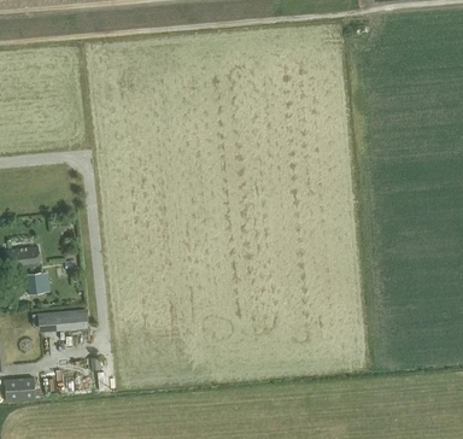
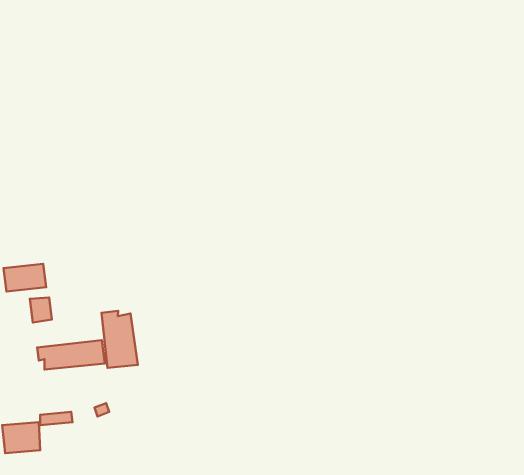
building: none -> [101,311,138,368]

